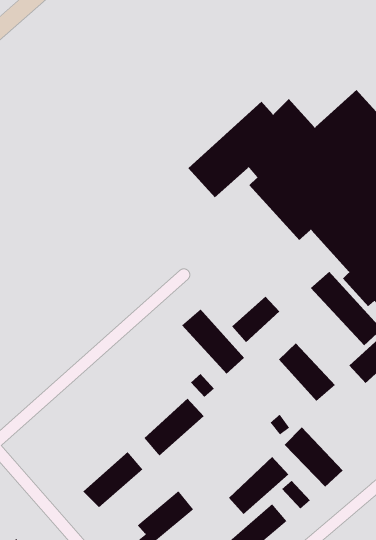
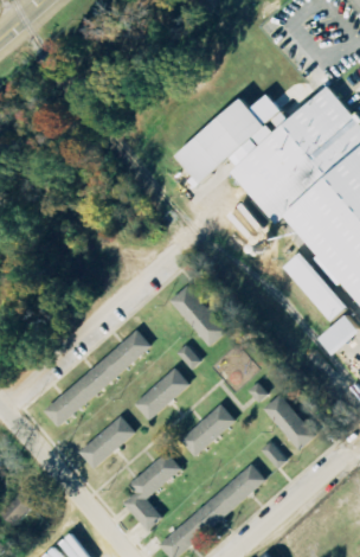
building: [231,296,280,343] -> none
building: [278,343,336,402] -> none
building: none -> [43,331,150,428]
building: [228,456,289,515] -> [179,404,234,457]

